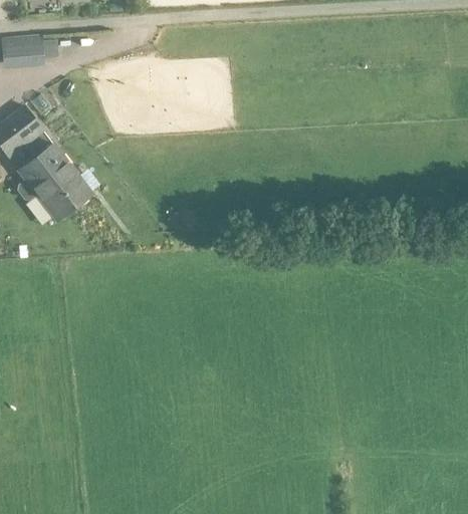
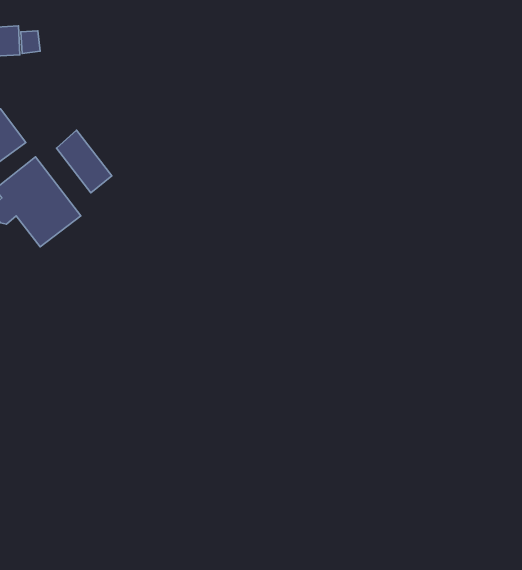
building: none -> [56,130,112,193]

